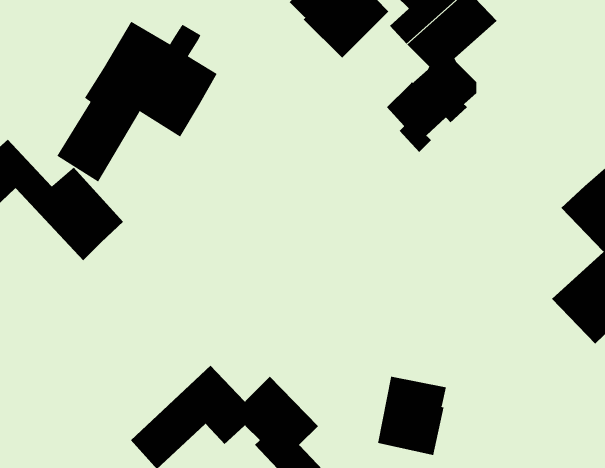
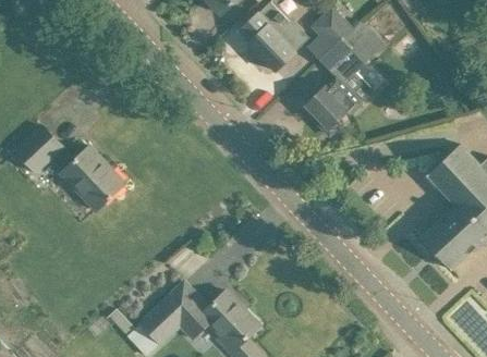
building: [57,21,217,182] -> none
building: [377,376,446,456] -> none

